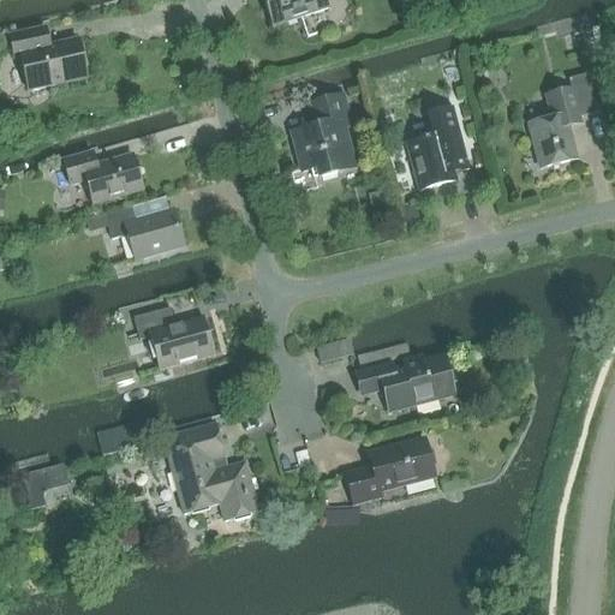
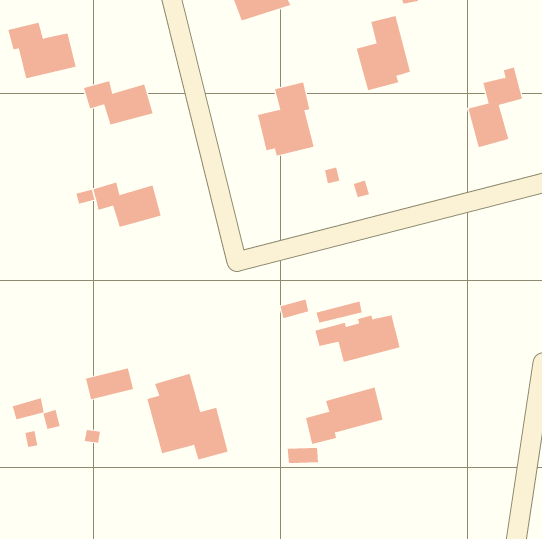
building: [407,103,470,189] -> [356,15,411,91]
building: [64,150,143,201] -> [83,81,153,125]
building: [135,306,213,365] -> none

